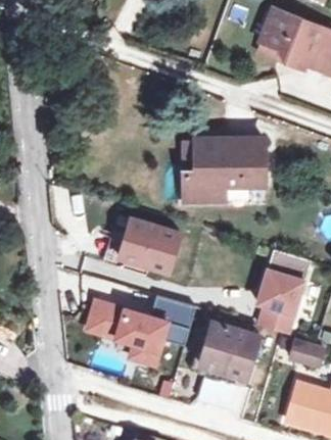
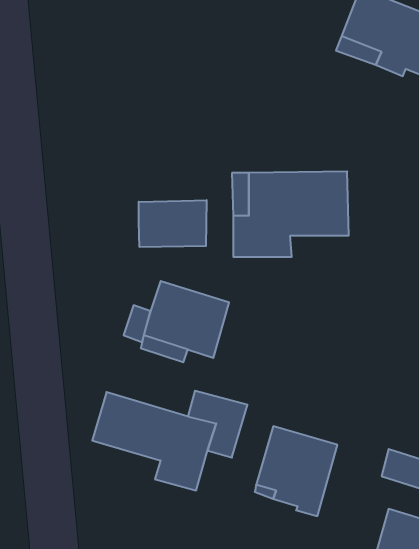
building: none -> [139,200,207,247]
building: [258,249,310,332] -> none

